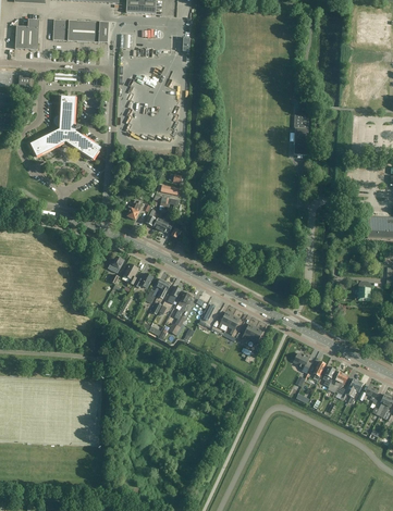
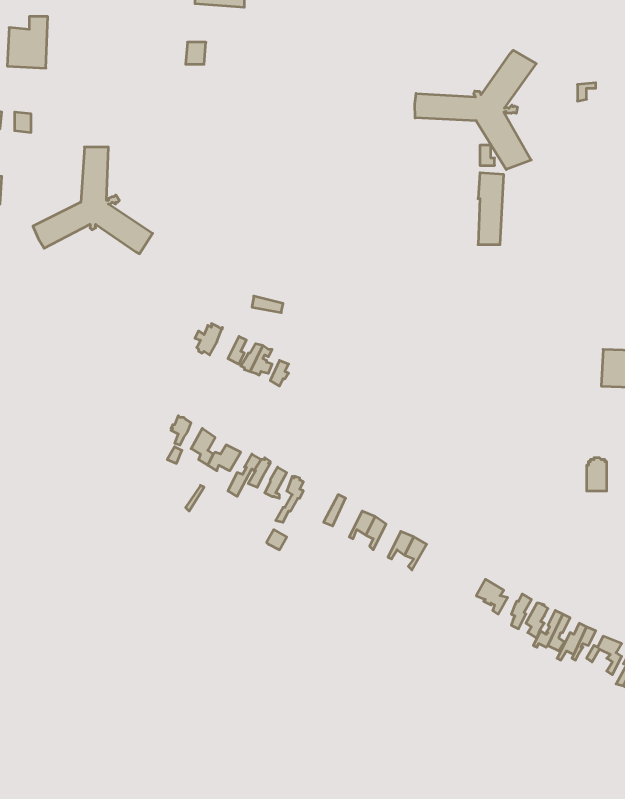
building: [51,20,109,43] -> none
building: none -> [415,50,536,170]

